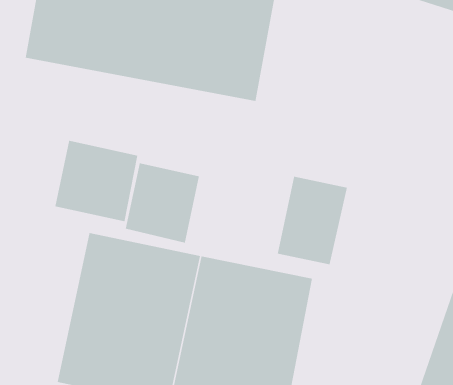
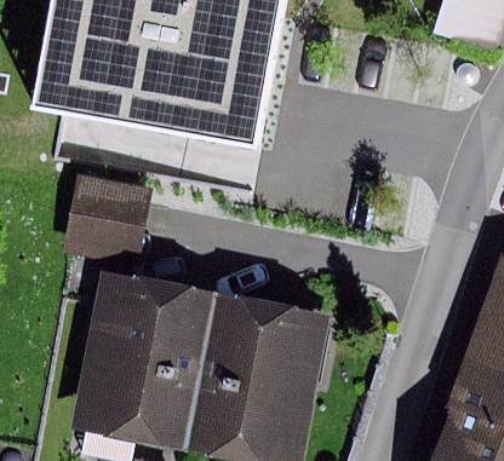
building: [125,163,200,243] -> none
building: [277,176,348,265] -> none

